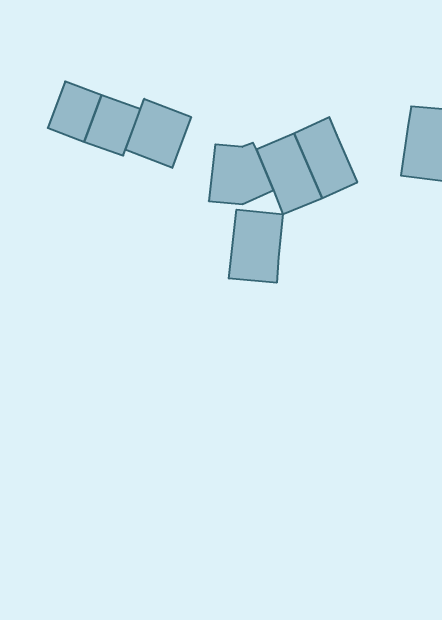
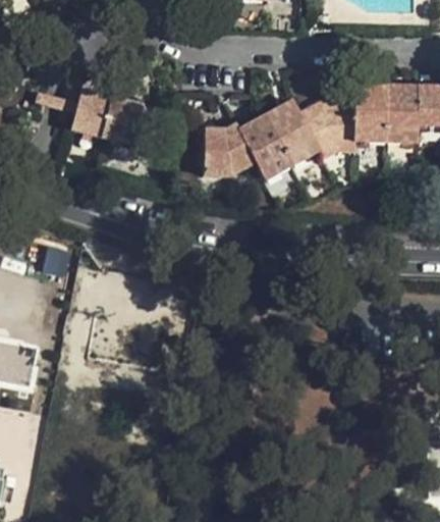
building: [125,99,191,168] -> none
building: none -> [301,102,356,157]
building: [229,210,283,283] -> none

